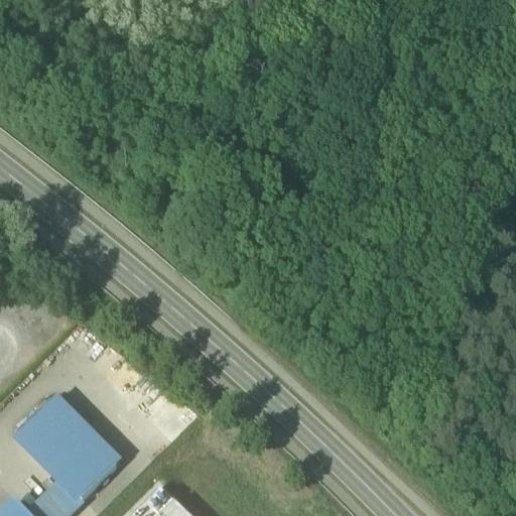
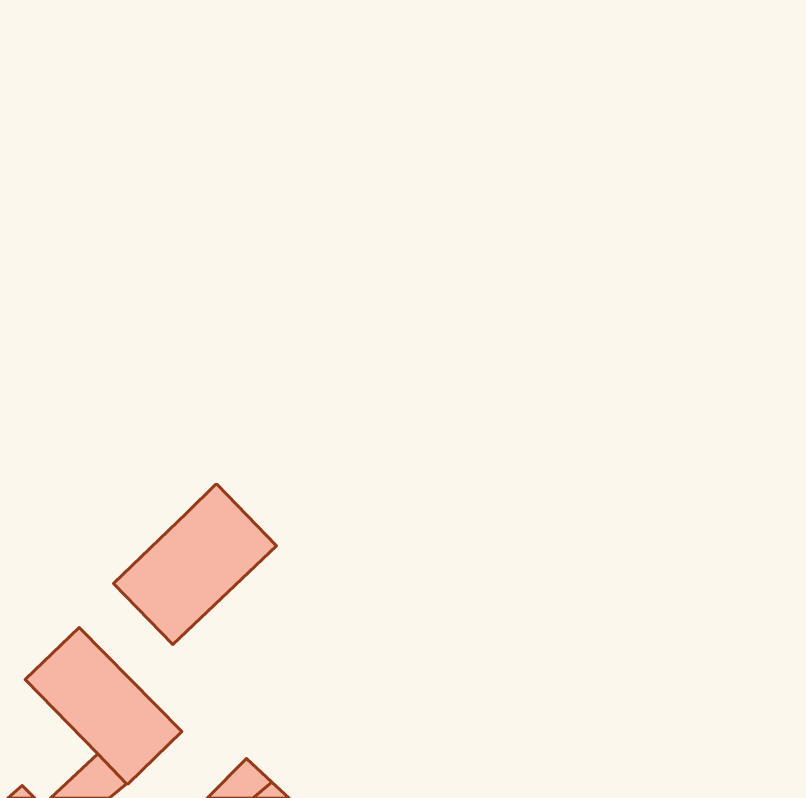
building: none -> [113,484,276,645]

